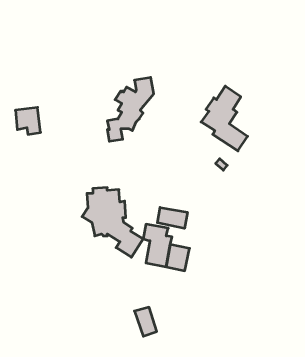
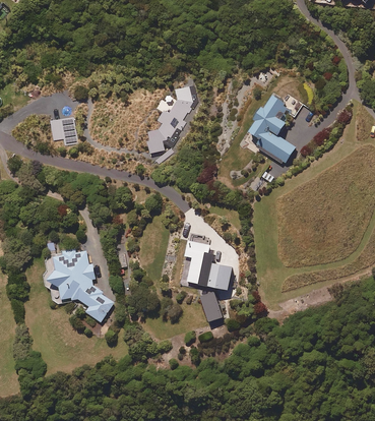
building: [82,188,143,257] -> [49,248,113,321]
building: [157,207,187,228] -> none
building: [134,307,157,336] -> [199,291,223,321]

